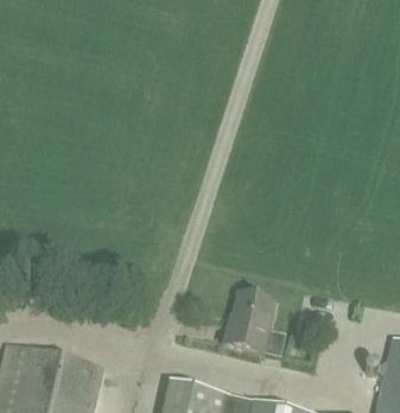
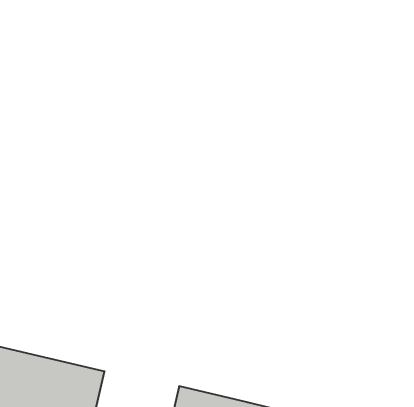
building: [223,291,278,352] -> none

